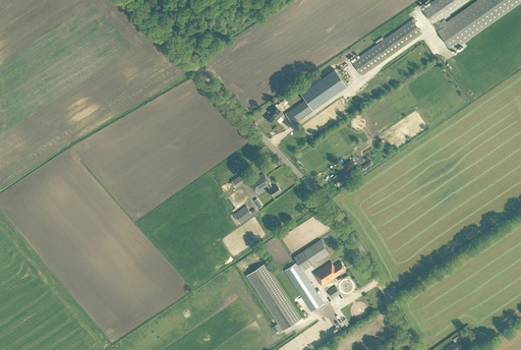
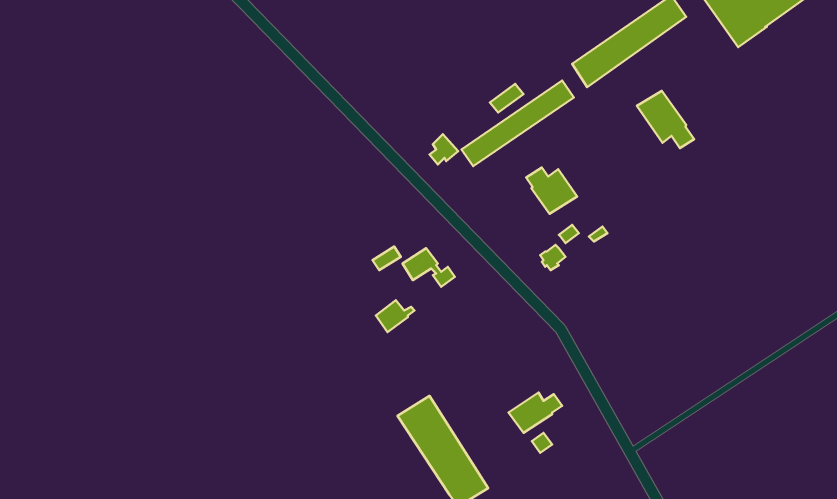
building: none -> [637,91,694,148]
building: none -> [526,167,577,214]
building: [284,239,329,311] -> none

